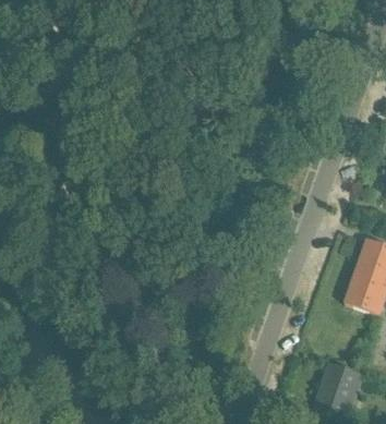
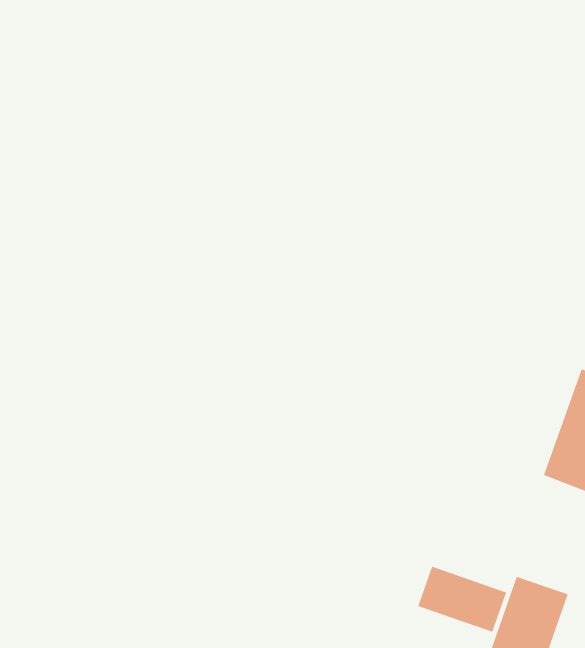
building: none -> [417,566,507,633]

